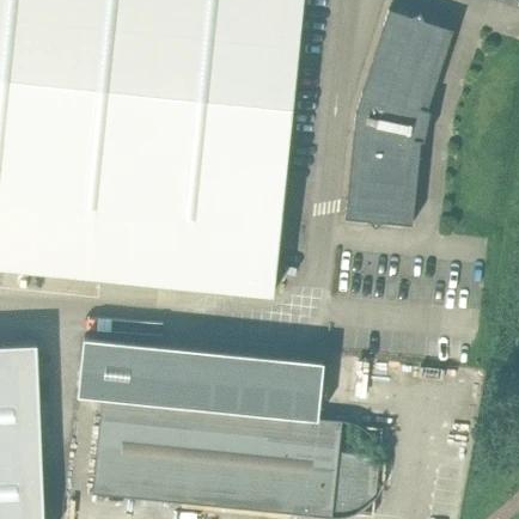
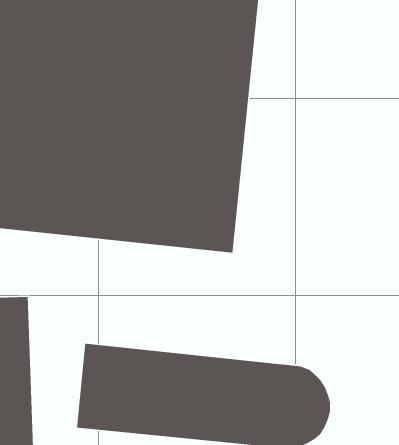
building: [344,10,453,228] -> none
building: [78,338,324,421] -> none

